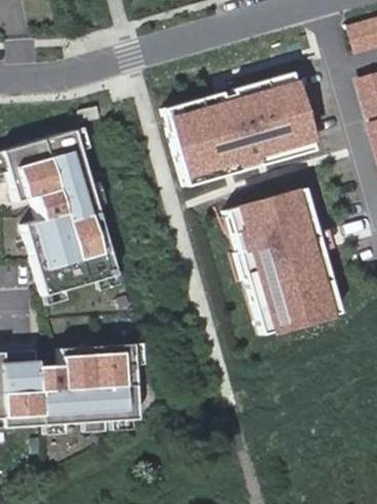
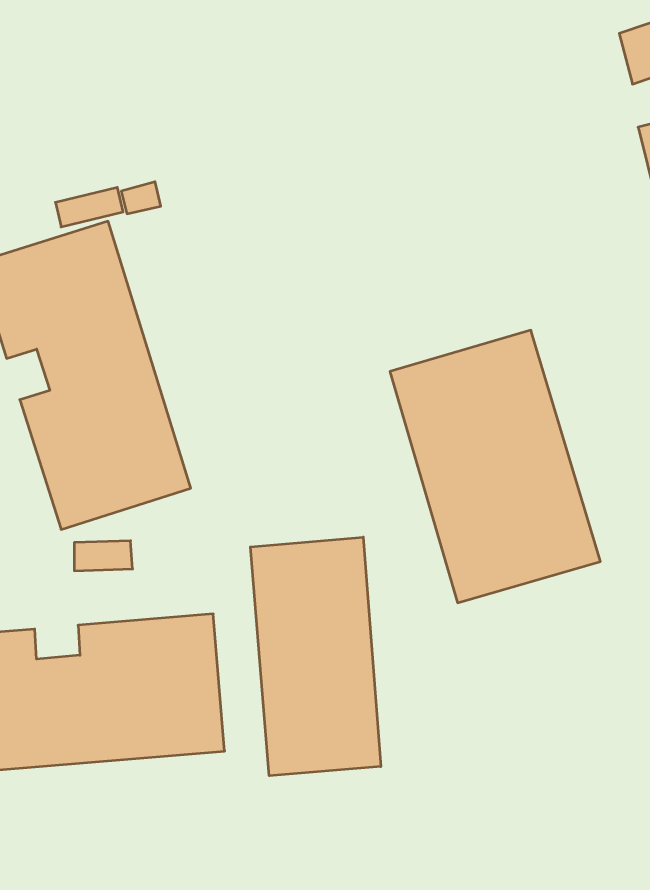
building: [162,74,312,187] -> none
building: none -> [250,537,381,776]

